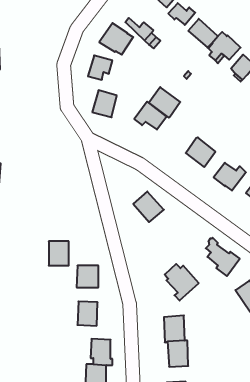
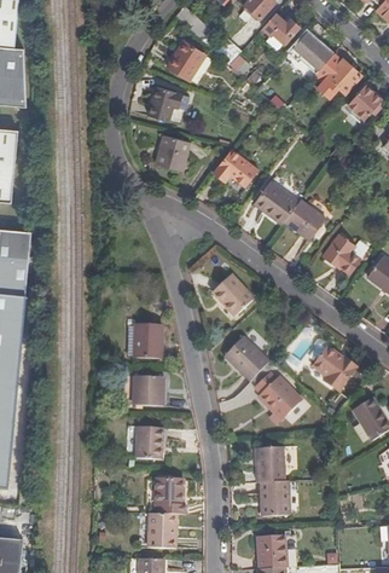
building: [149,87,180,118] -> [256,179,300,221]
building: none -> [225,335,271,381]
building: [49,241,69,266] -> [134,324,162,358]

